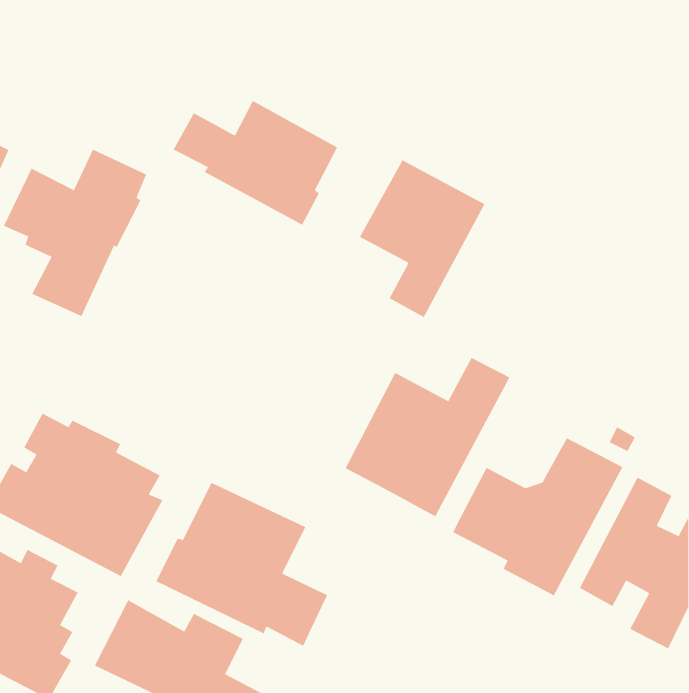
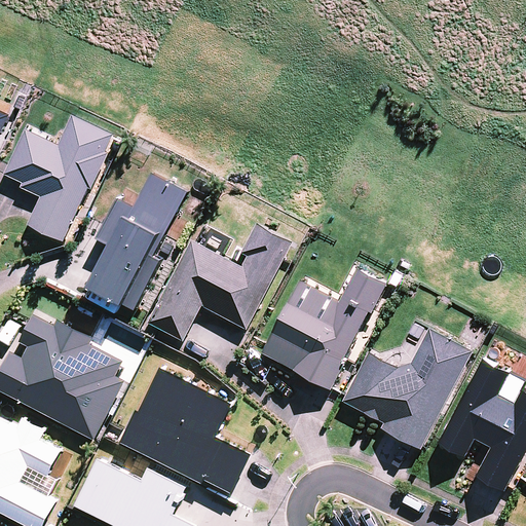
building: [173,100,338,226] -> none
building: [359,159,486,318] -> none
building: none -> [87,172,185,308]
building: none -> [146,226,291,344]

